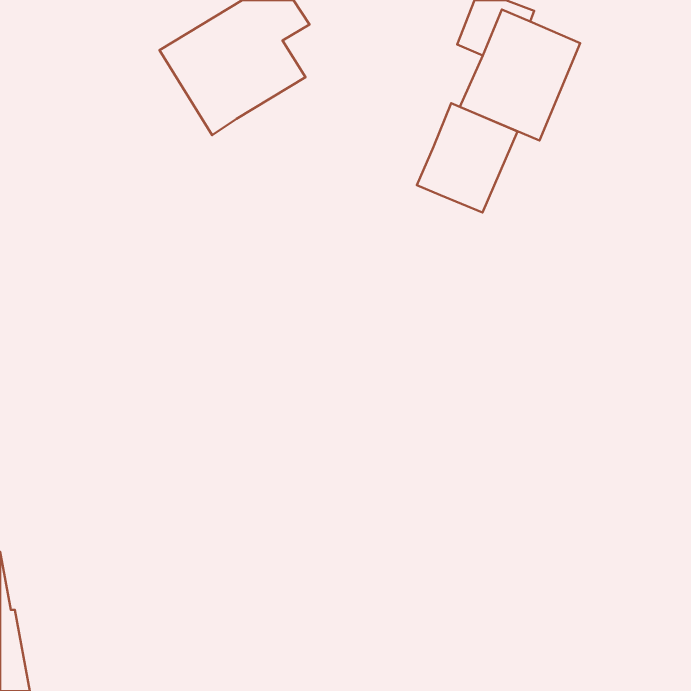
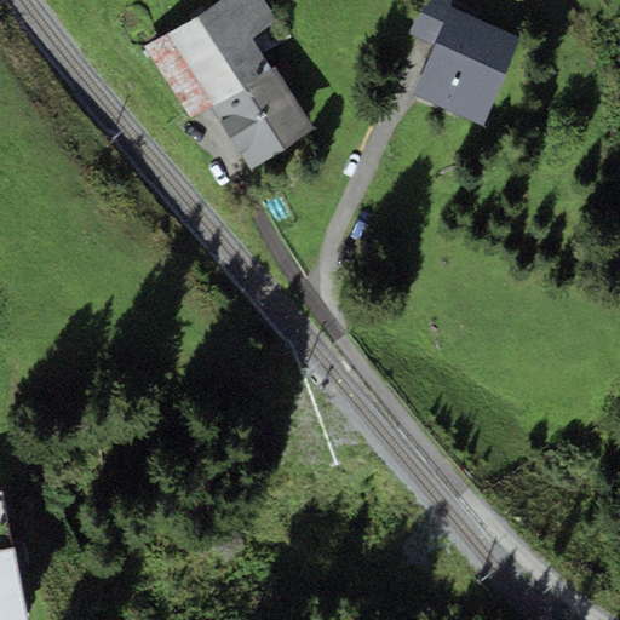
building: none -> [212,69,312,168]
building: [417,103,518,213] -> none

